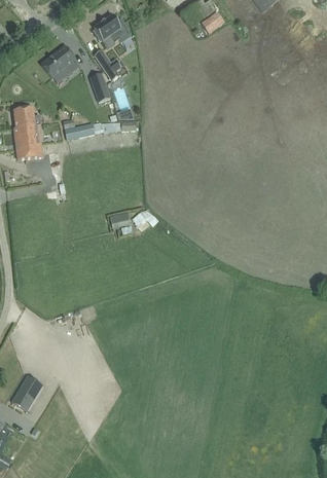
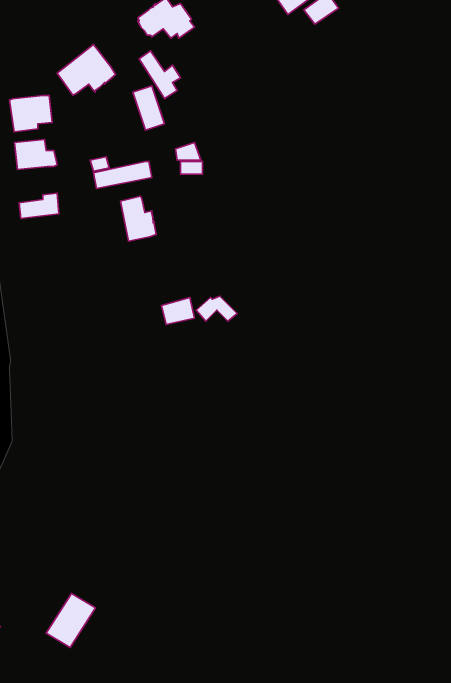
building: [13,124,41,148] -> [9,96,52,132]
building: none -> [121,196,156,241]
building: [11,375,43,410] -> [46,594,95,647]

